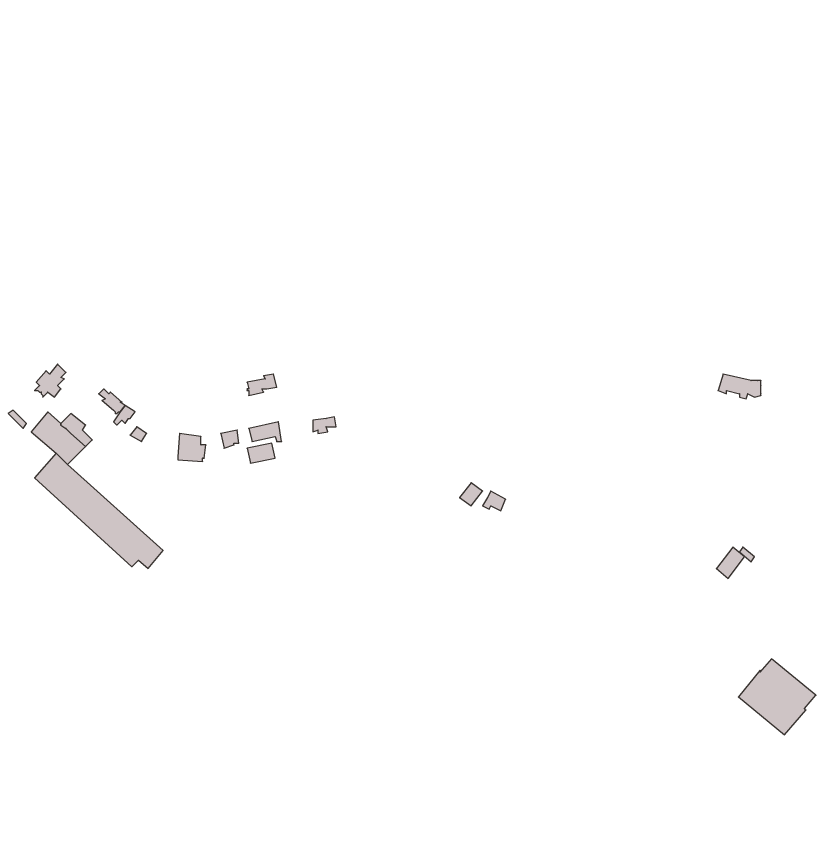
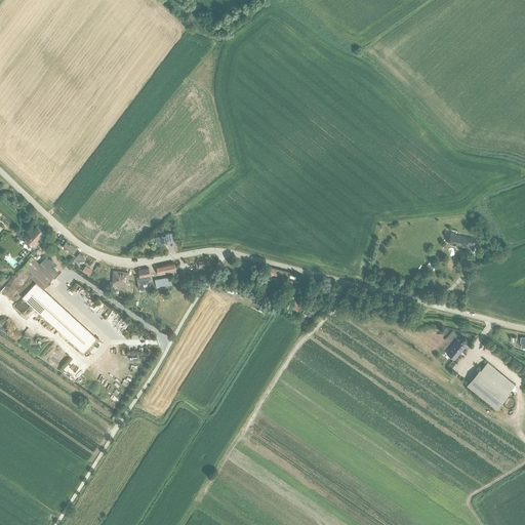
building: [738,659,816,735] -> [467,362,515,409]

